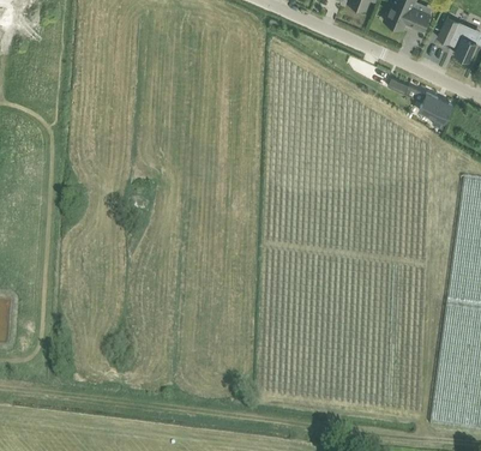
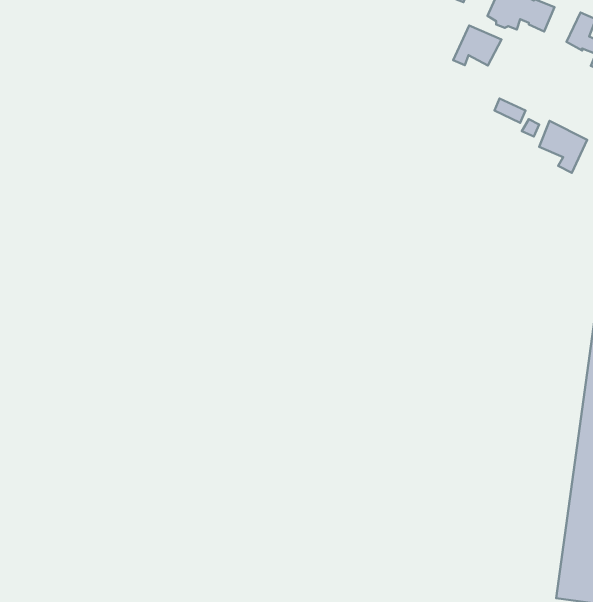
building: none -> [453,25,501,66]

